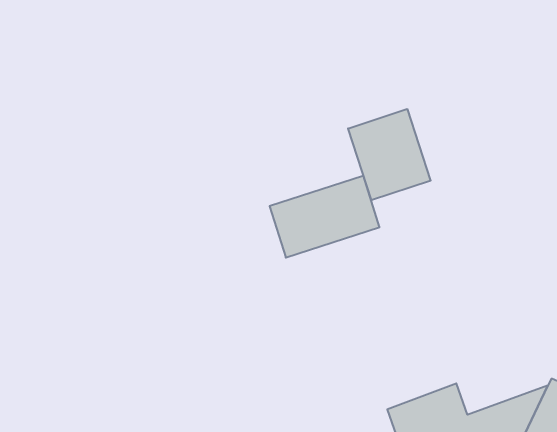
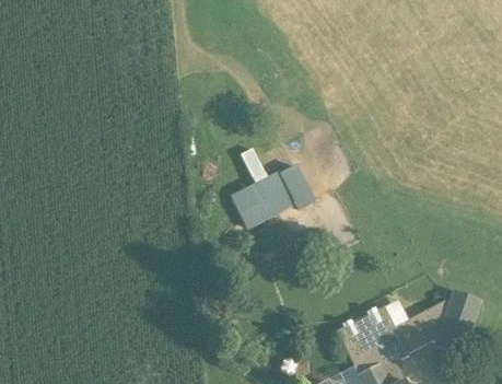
building: [348,109,431,200] -> none

